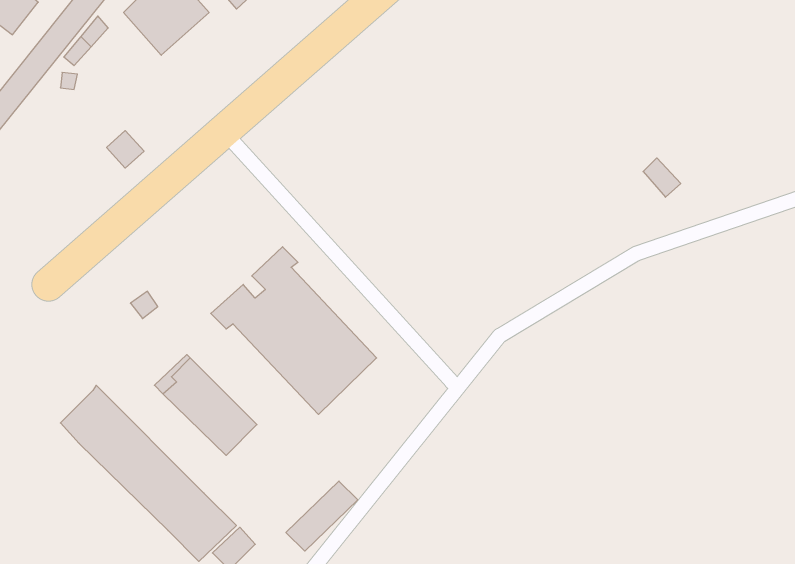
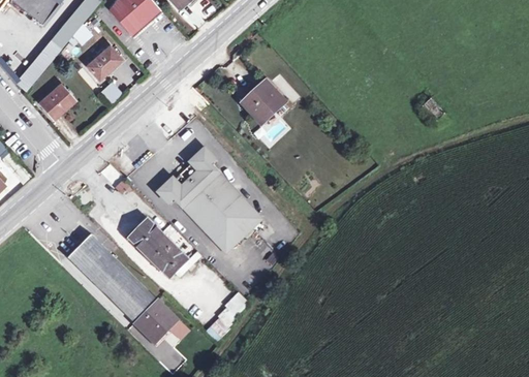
building: none -> [86,46,121,80]
building: none -> [244,82,287,124]
building: none -> [39,85,74,120]

